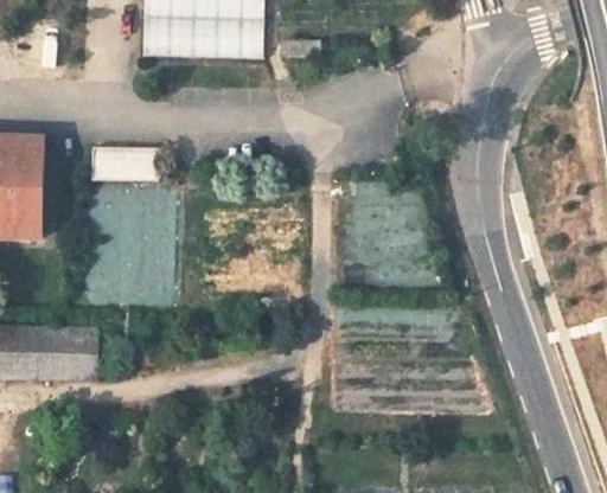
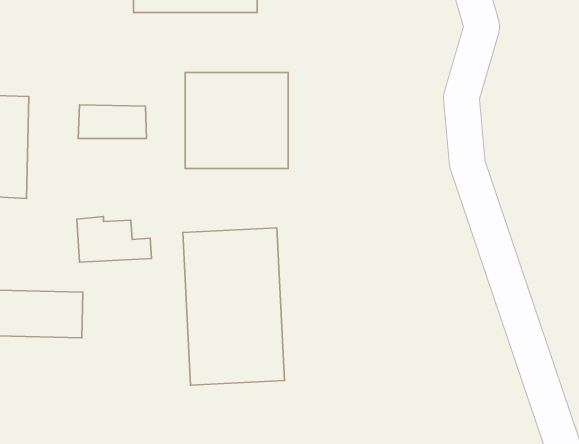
building: none -> [185,73,288,169]
building: none -> [183,228,284,385]

